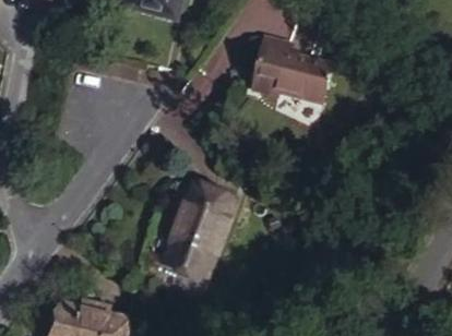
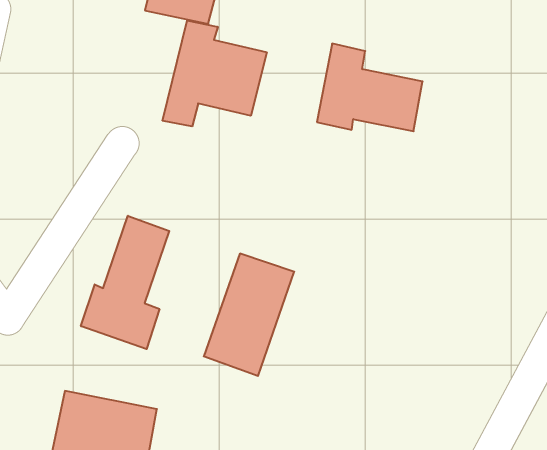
building: none -> [163,20,267,126]
building: none -> [81,216,169,349]

